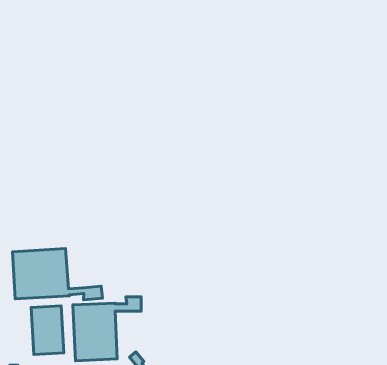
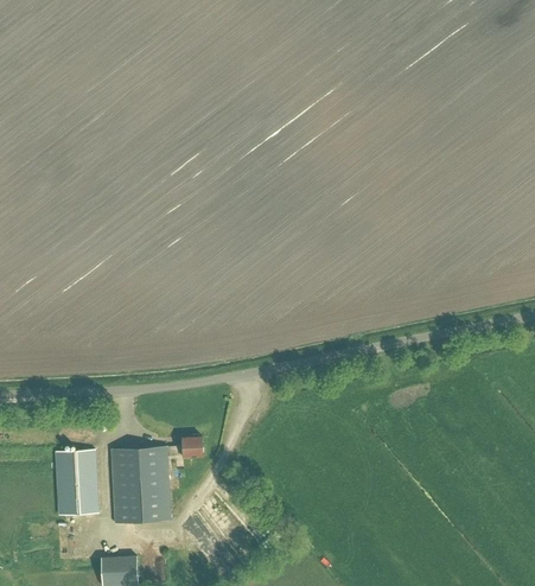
building: [13,249,103,300] -> none

